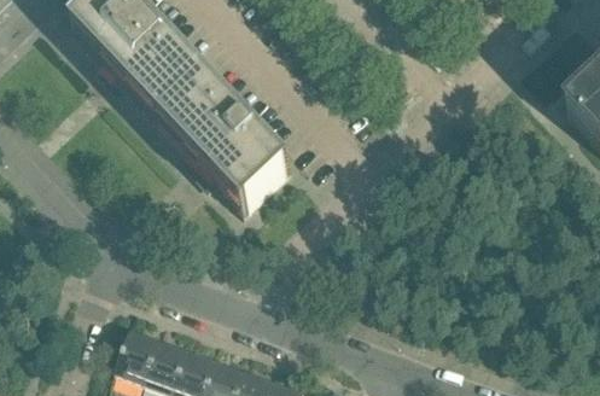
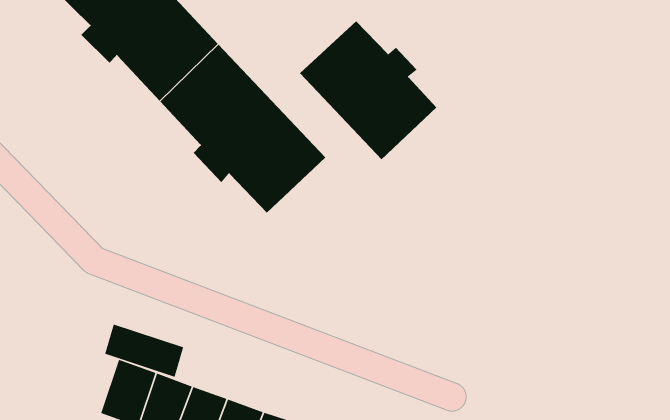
building: none -> [299,21,437,160]
building: none -> [104,323,184,378]

